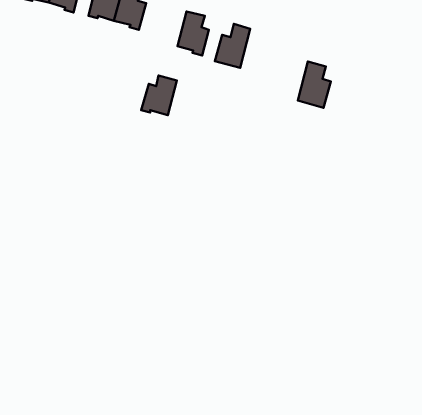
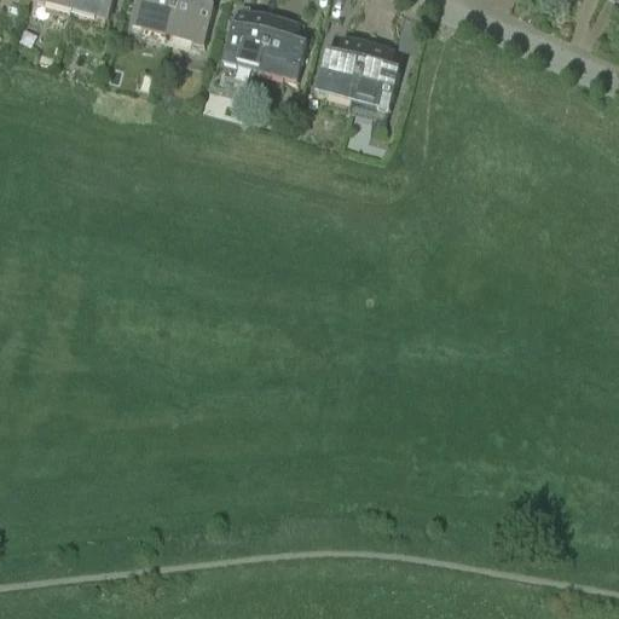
building: [298,62,331,108] -> [352,42,400,110]
building: [141,75,177,115] -> [221,10,273,68]

